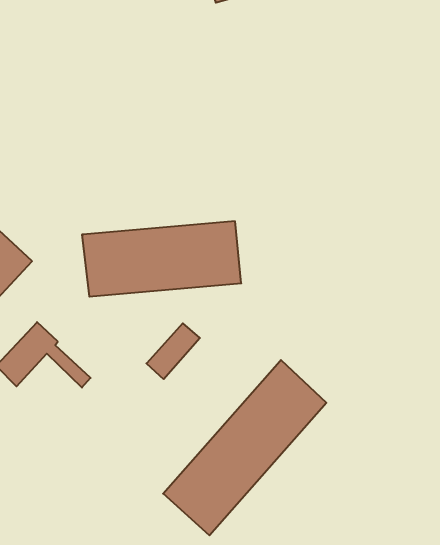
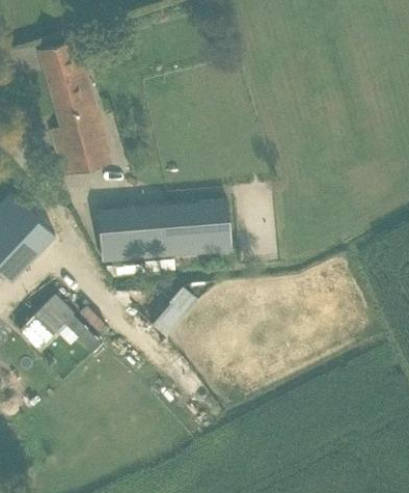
building: none -> [39,42,109,175]
building: [163,360,326,535] -> none

